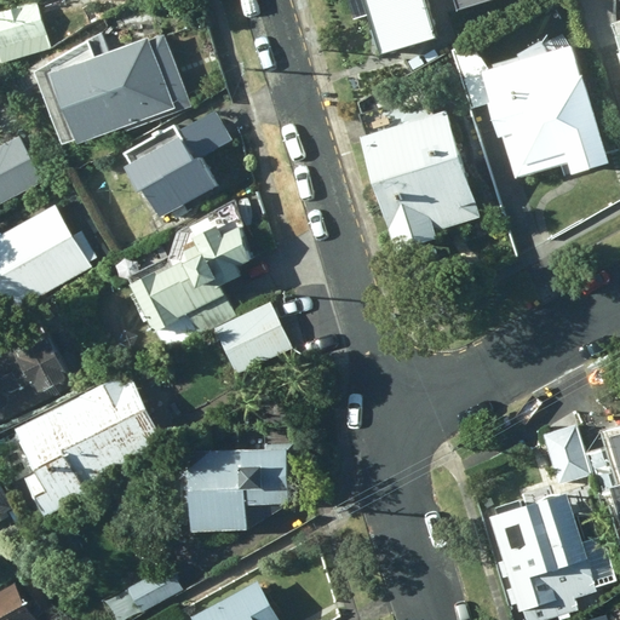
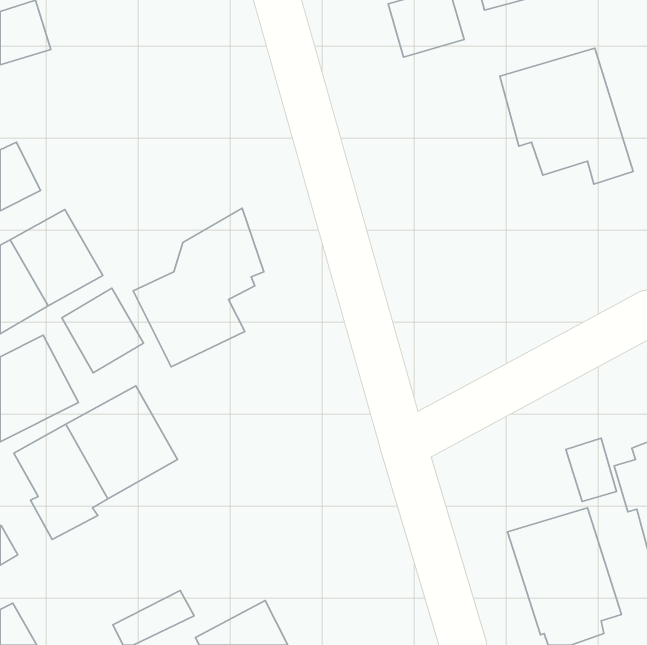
building: [45,38,172,147] -> none
building: [355,111,472,252] -> none
building: [119,124,212,222] -> none
building: none -> [62,288,143,373]
building: [212,302,292,375] -> none
building: [184,437,285,523] -> none

